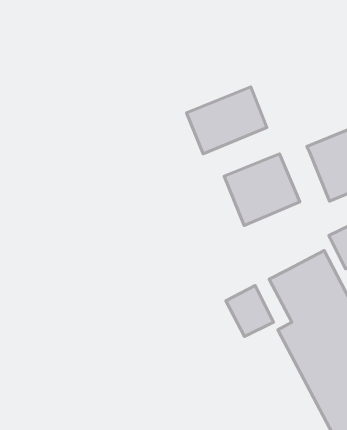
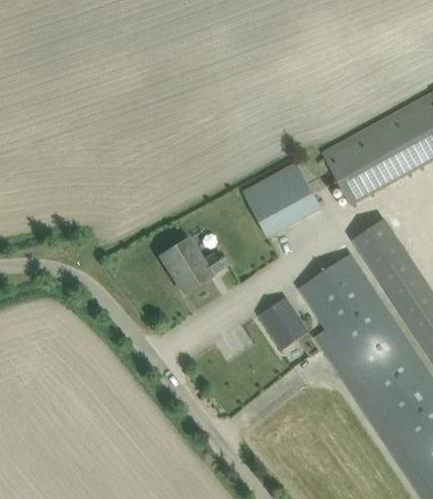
building: [186,87,267,154] -> none
building: none -> [153,225,228,291]

